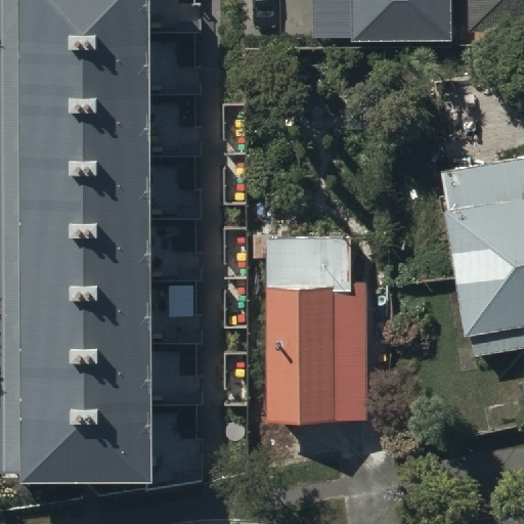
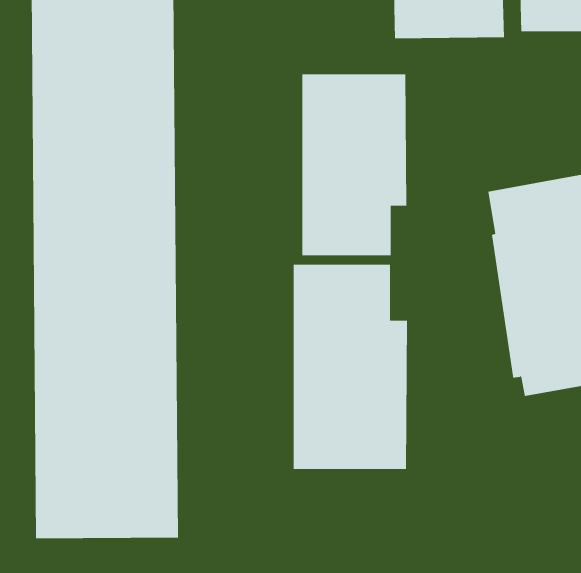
building: none -> [302,74,407,256]

